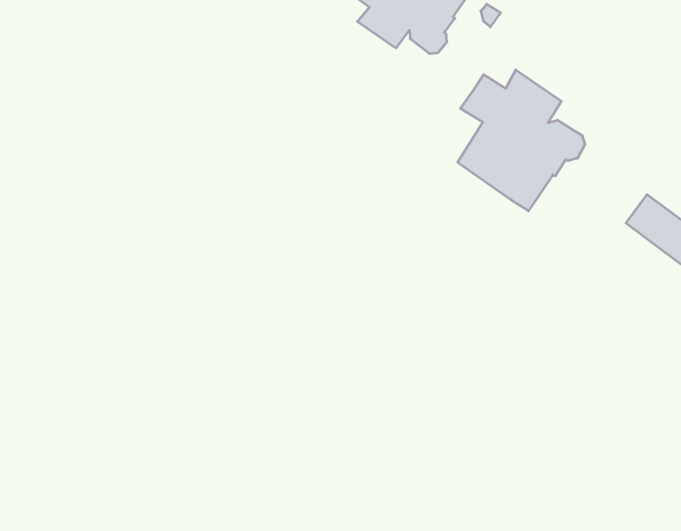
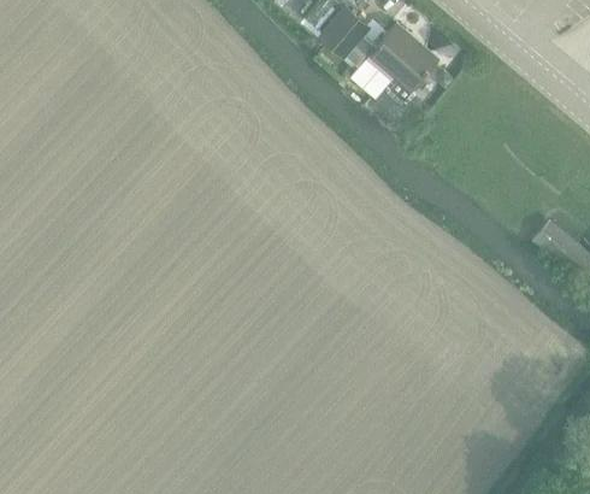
building: [458,70,585,211] -> none

